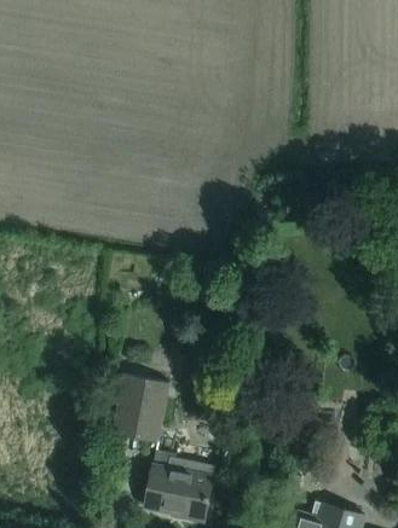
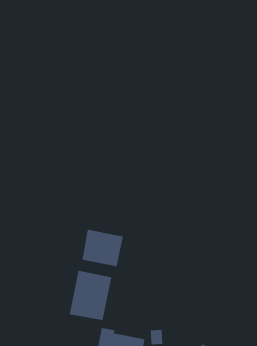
building: none -> [81,229,124,267]

